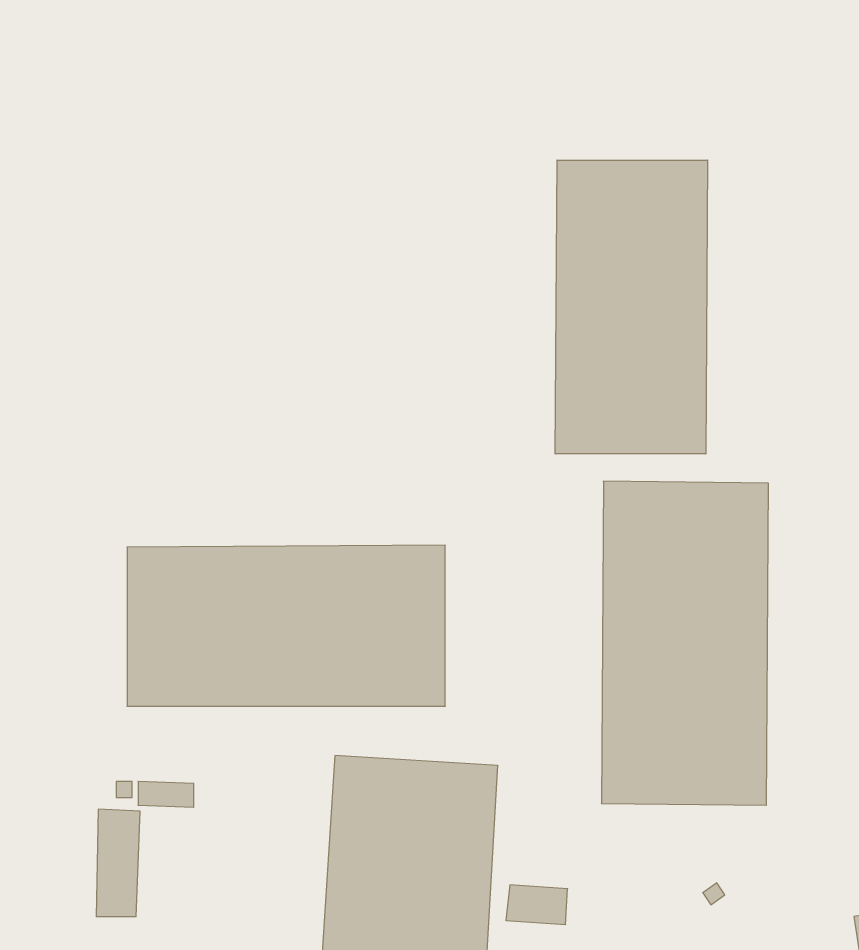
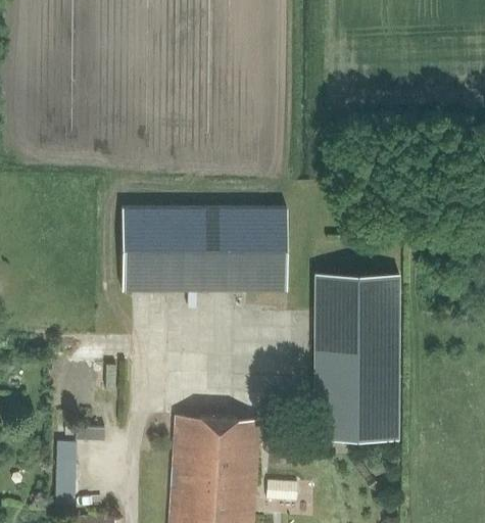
building: [555,160,708,454] -> none
building: [127,545,445,706] -> [123,208,286,291]

